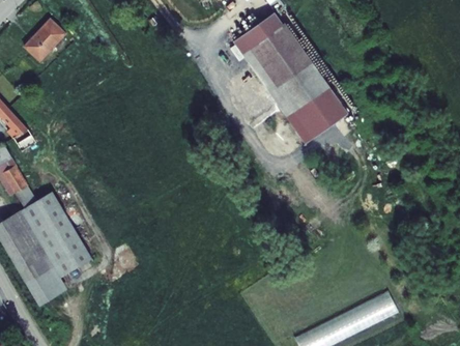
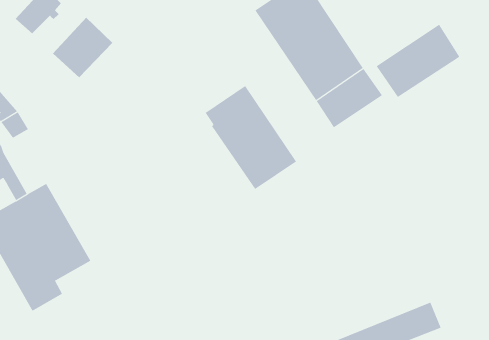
building: none -> [52,17,113,78]
building: none -> [376,24,460,98]
building: none -> [205,85,297,190]

